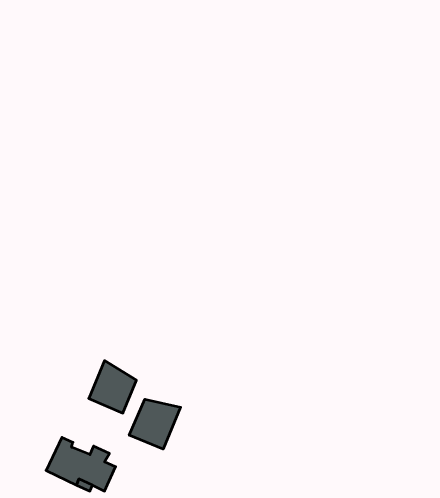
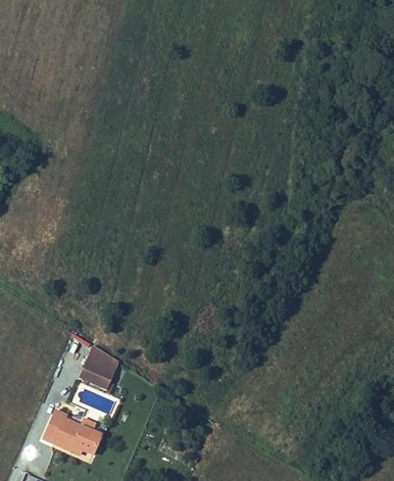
building: [129,399,181,449] -> none

